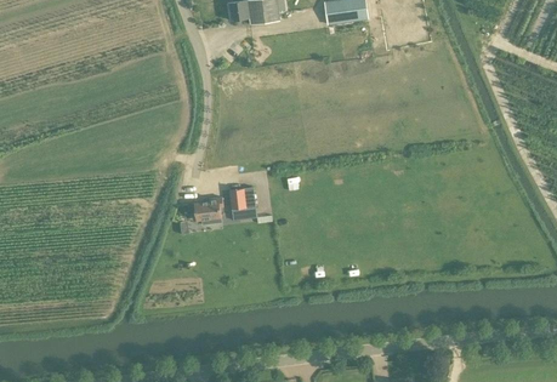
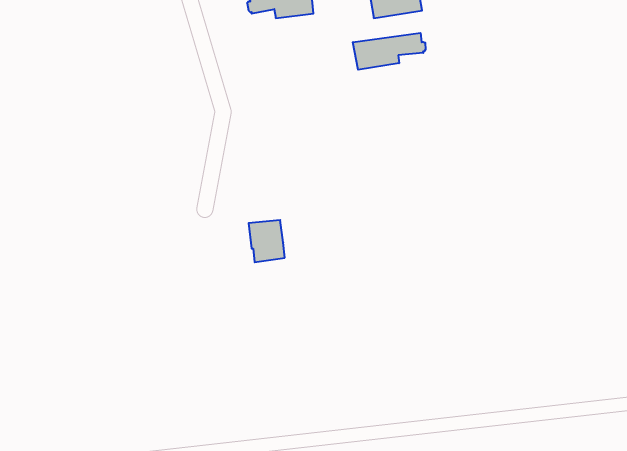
building: none -> [353,33,426,70]
building: [193,198,223,224] -> none

